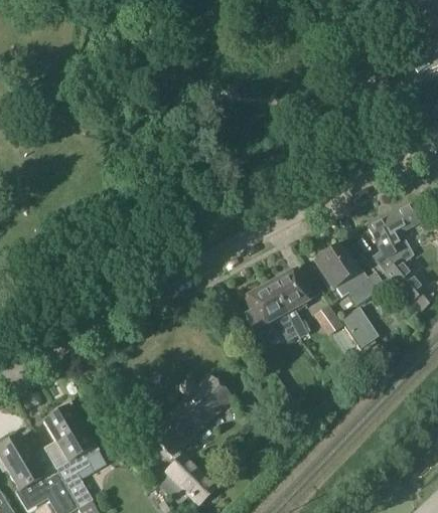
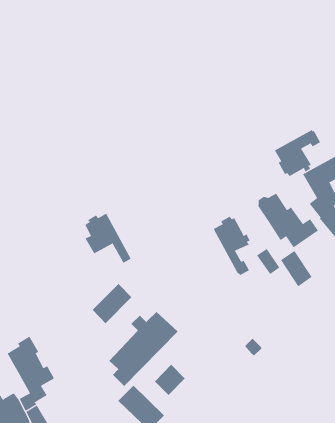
building: none -> [274,129,321,177]
building: [245,285,296,340] -> [84,213,132,264]
building: none -> [92,283,132,324]
building: none -> [154,364,186,396]

